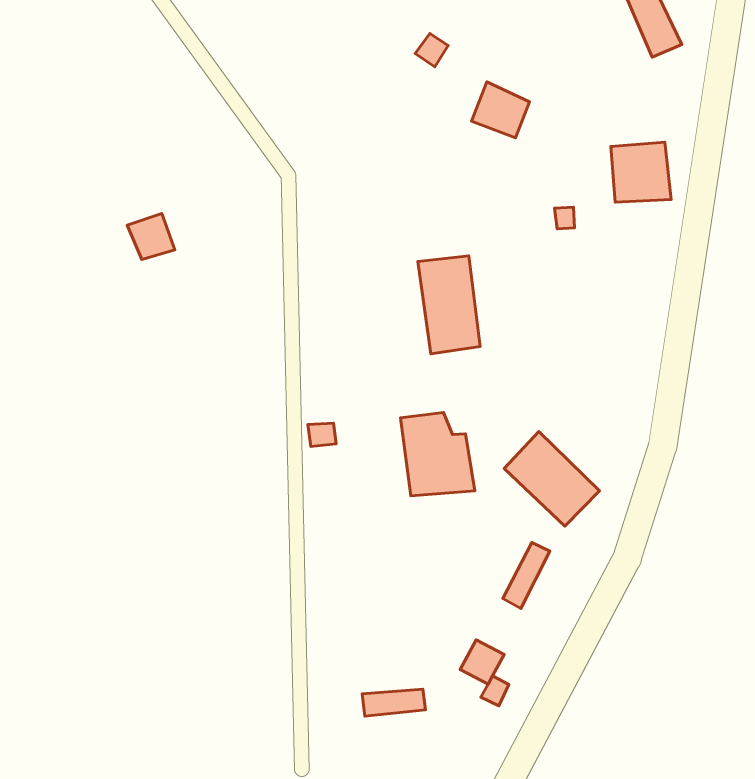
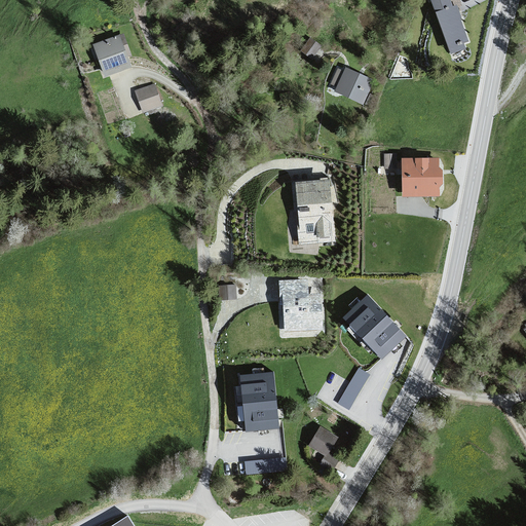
building: none -> [93,34,130,74]
building: [611,142,671,202] -> [404,159,441,196]
building: [127,214,175,259] -> [132,85,161,114]
building: none -> [240,372,277,430]

